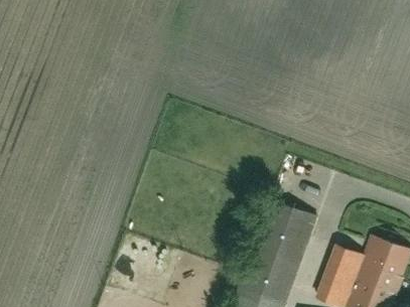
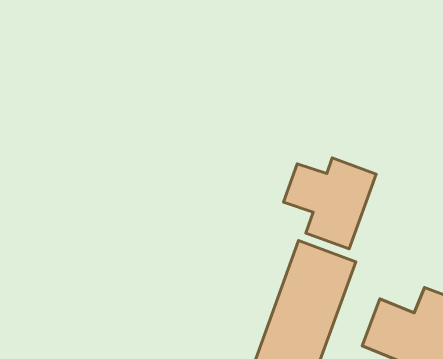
building: none -> [283,158,376,249]

